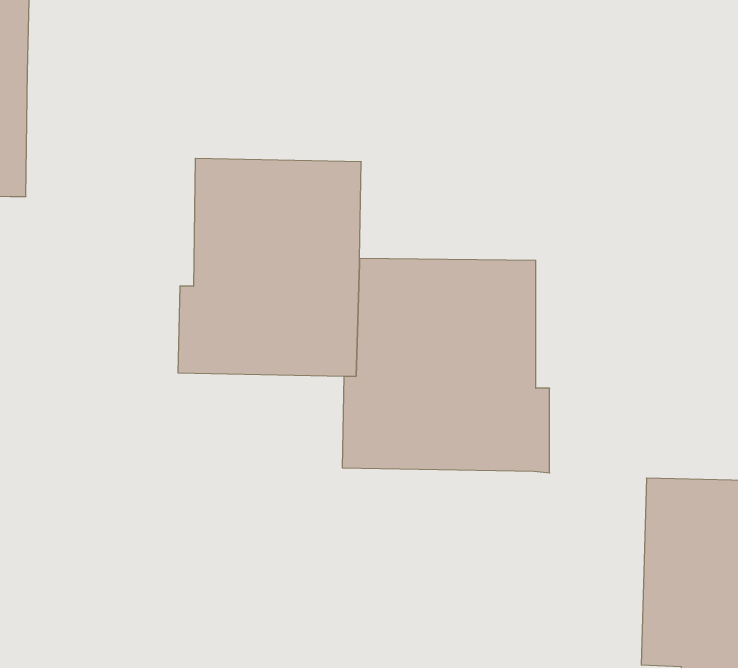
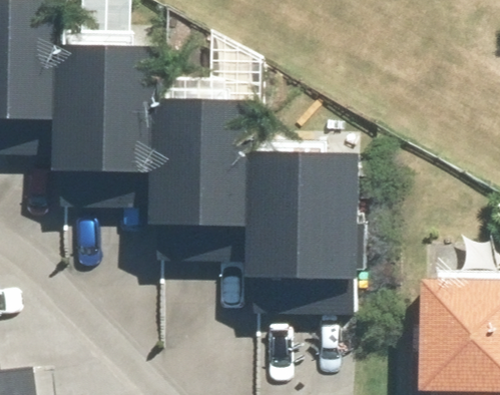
building: none -> [50,45,158,169]

